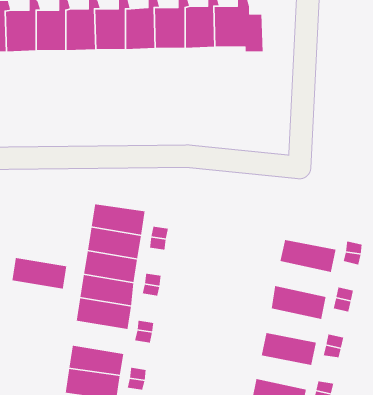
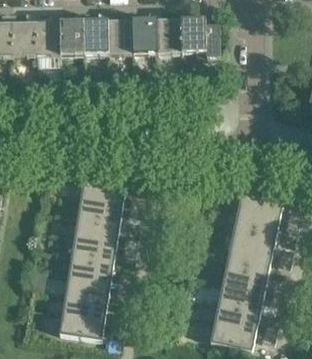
building: none -> [237,189,283,217]
building: [11,257,67,289] -> [64,275,110,302]
building: none -> [228,227,275,255]
building: none -> [221,265,267,292]
building: none -> [213,304,259,331]

